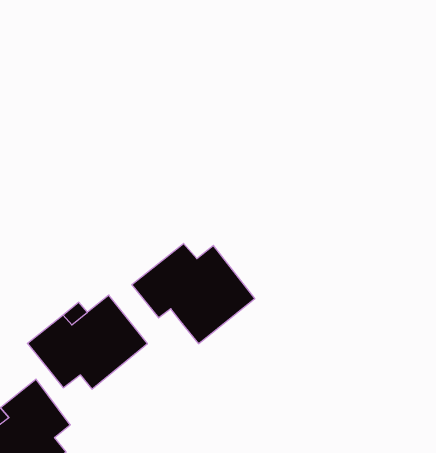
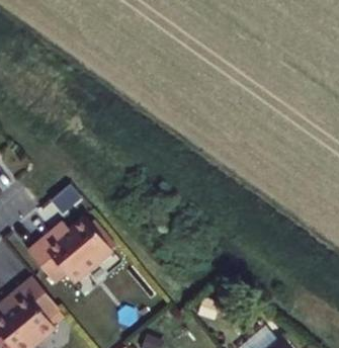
building: [132,243,255,344] -> none

